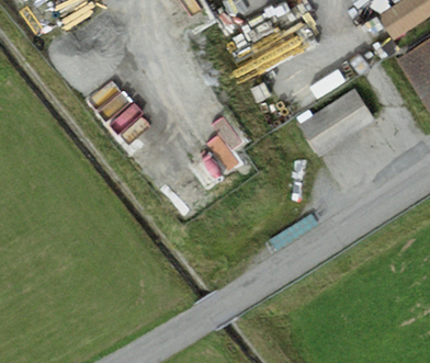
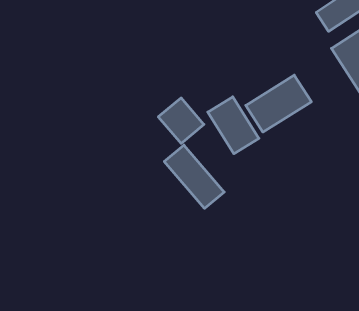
building: none -> [208,97,259,154]
building: none -> [164,145,224,208]

